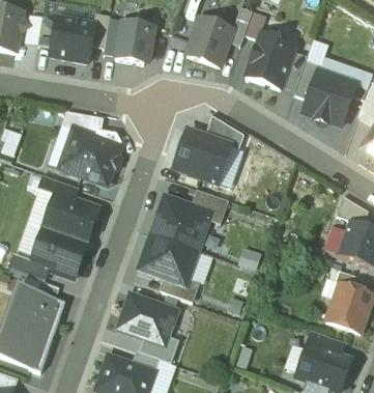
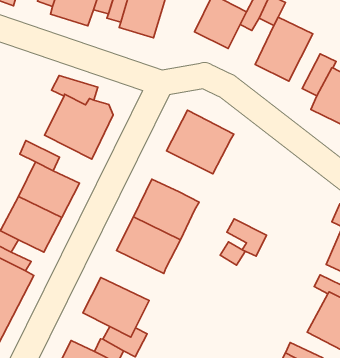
building: [208,117,246,151] -> none
building: [191,191,228,223] -> [227,219,267,256]
building: [161,275,200,299] -> none

